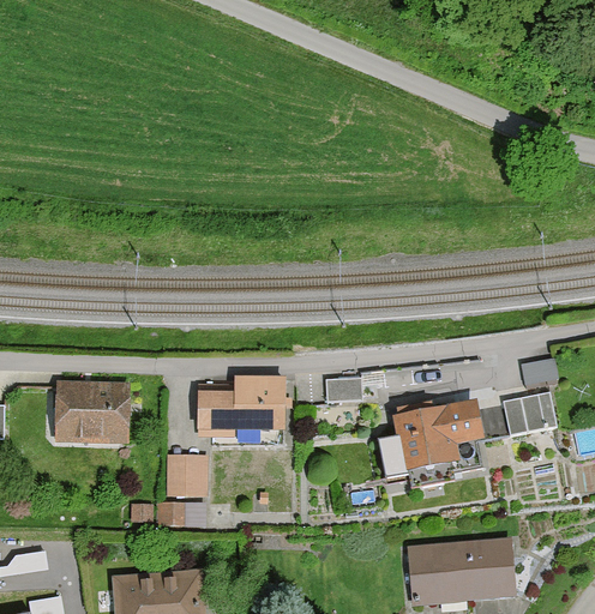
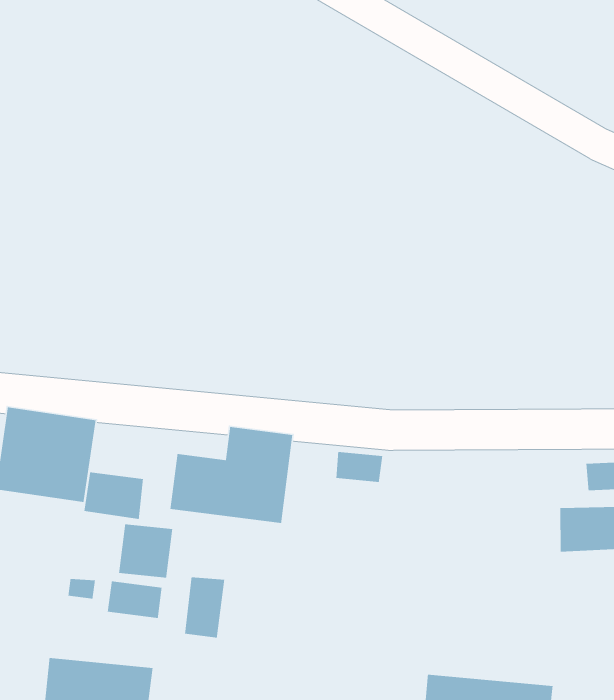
building: [399,408,485,483] -> none
building: none -> [84,471,144,520]
building: none -> [184,577,225,639]

